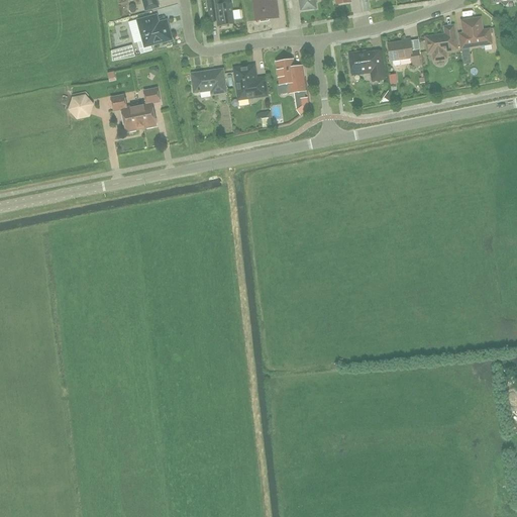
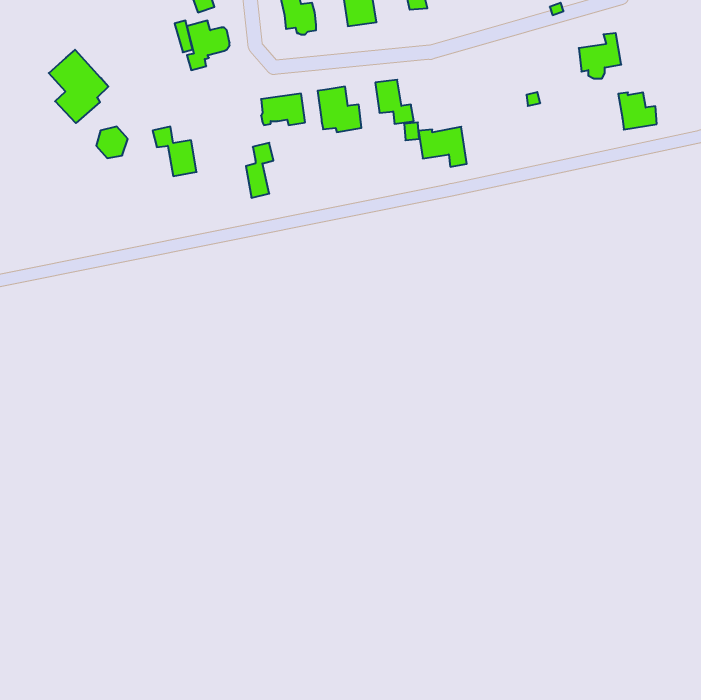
building: [461,18,490,45] -> [618,92,657,130]
building: none -> [49,50,108,123]
building: [388,37,419,65] -> none
building: [348,49,384,79] -> [419,127,467,167]
building: [140,86,161,126] -> [246,143,273,198]

